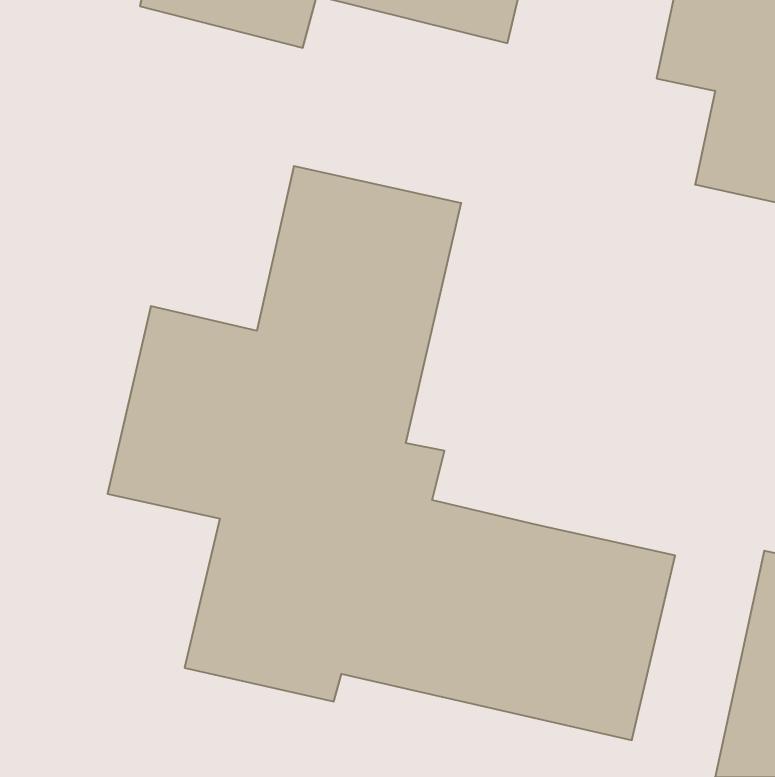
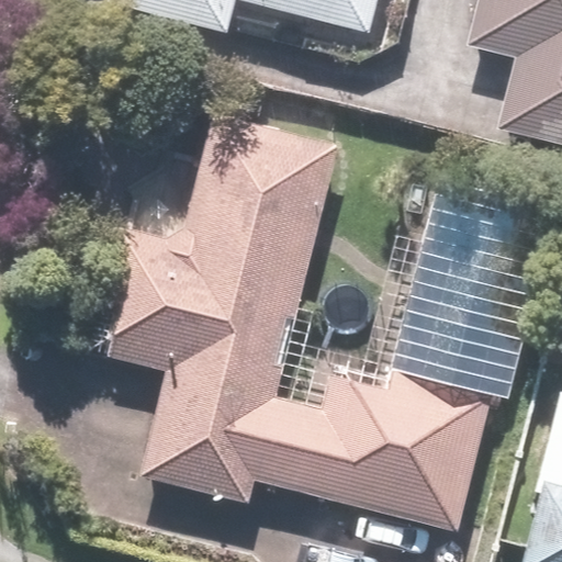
building: none -> [391,199,543,400]

